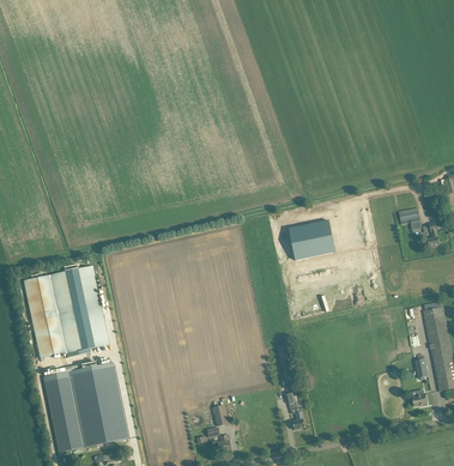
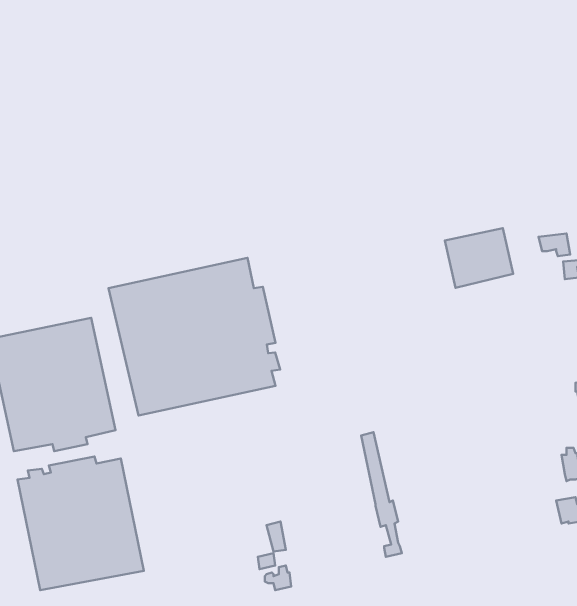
building: [287,219,334,260] -> [445,228,513,288]
building: none -> [109,258,280,415]

